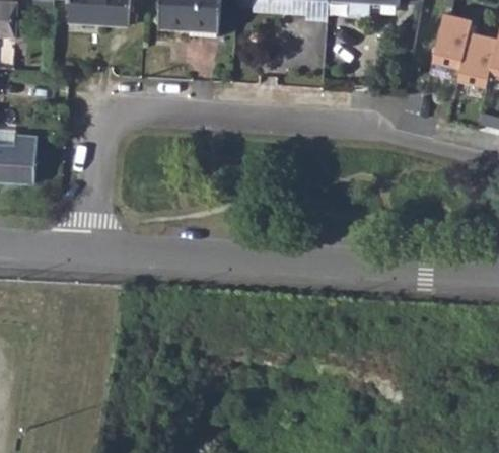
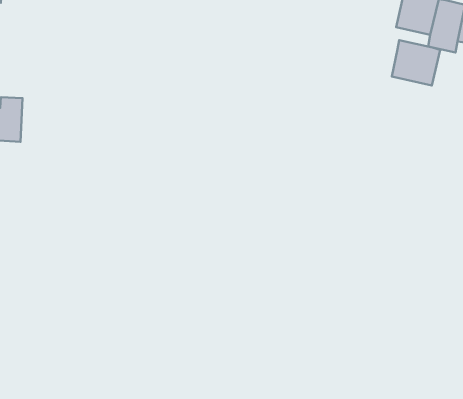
building: none -> [392,40,440,86]

